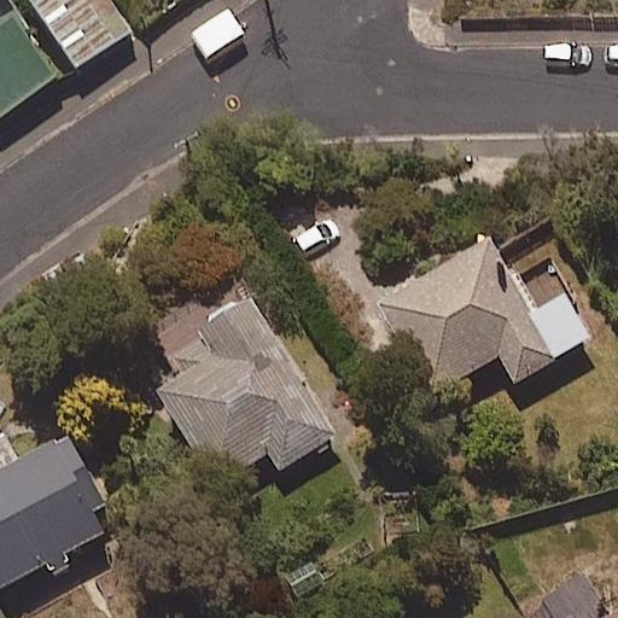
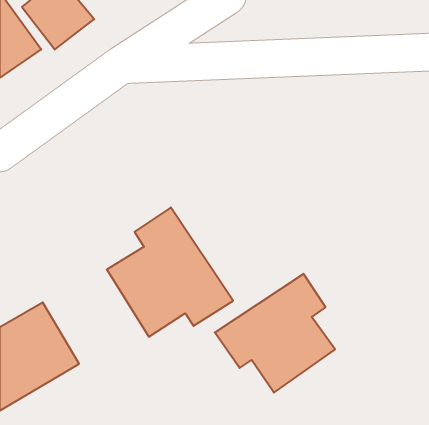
building: [377,234,591,393] -> none
building: none -> [215,274,335,393]

